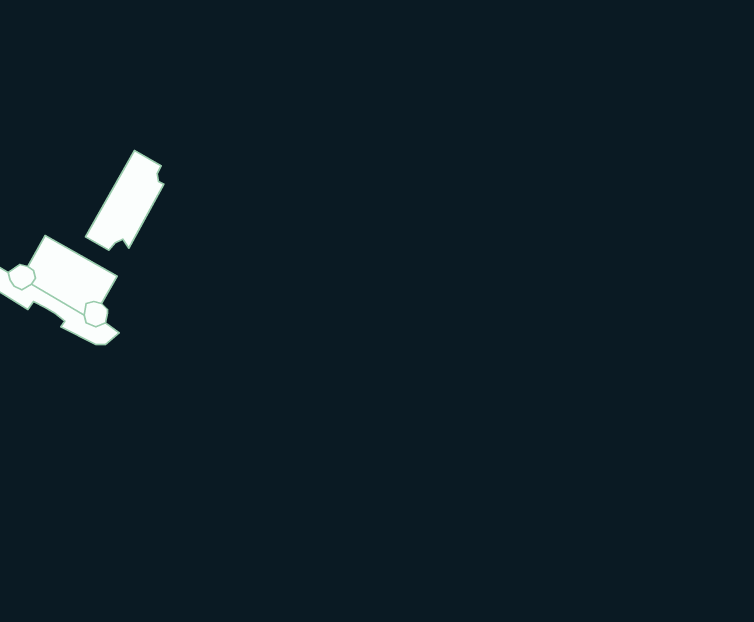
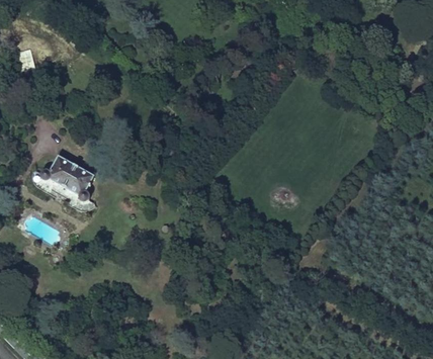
building: [85,151,164,250] -> none

